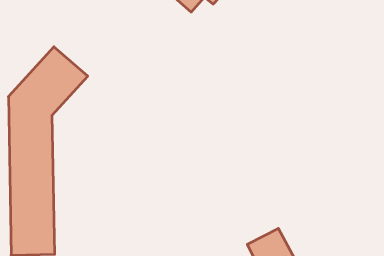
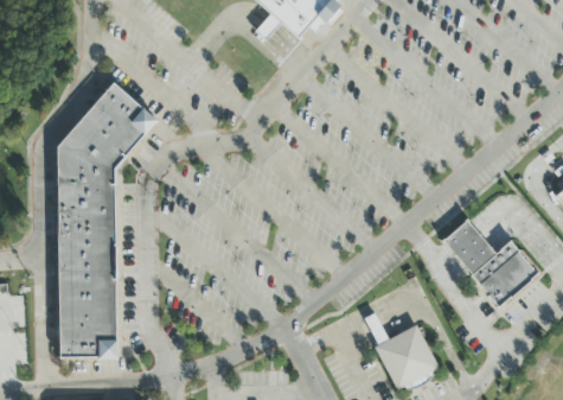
building: none -> [442,217,539,306]

